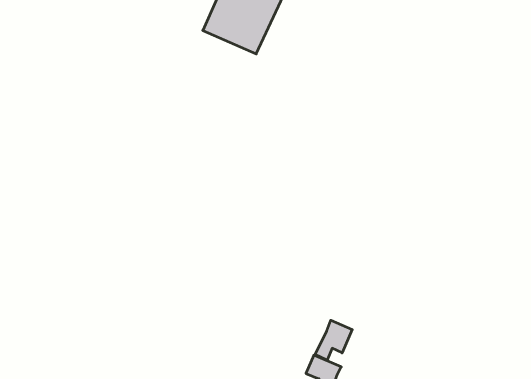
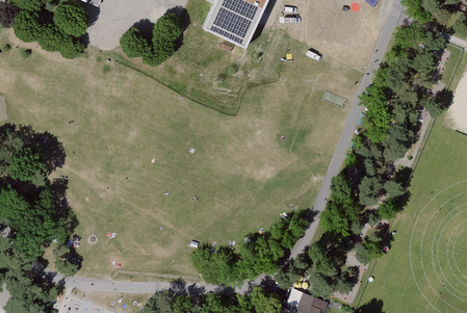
building: [315,320,352,360] -> none

